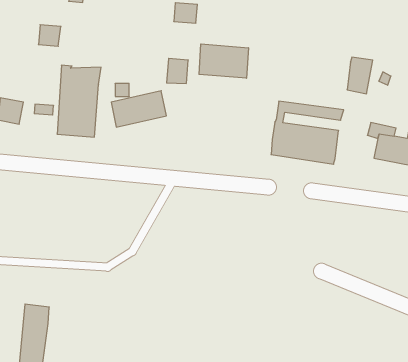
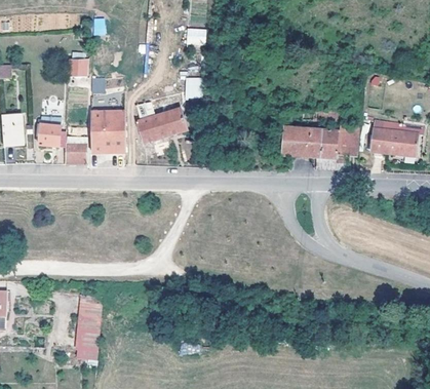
building: [199,44,248,78] -> none
building: [347,57,373,94] -> [338,125,358,156]
building: none -> [65,144,87,163]

